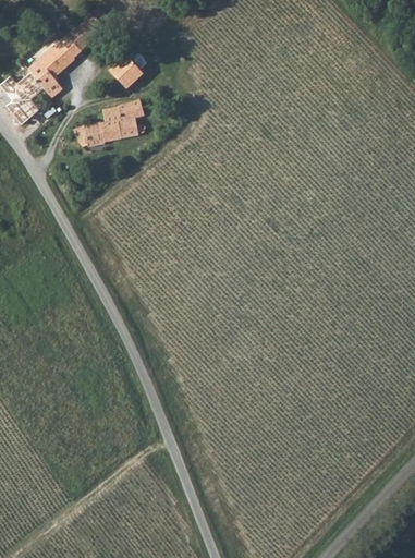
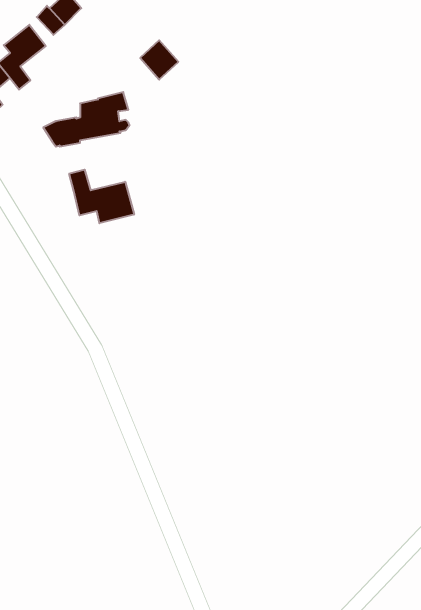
building: [110,53,143,87] -> [140,40,178,80]
building: none -> [69,170,134,223]

